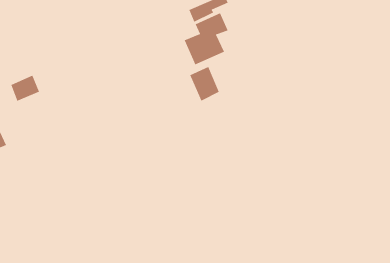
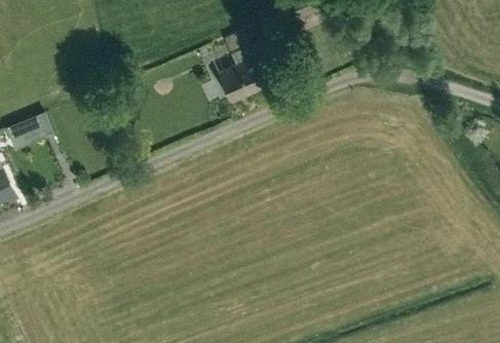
building: [189,66,220,101] -> none

